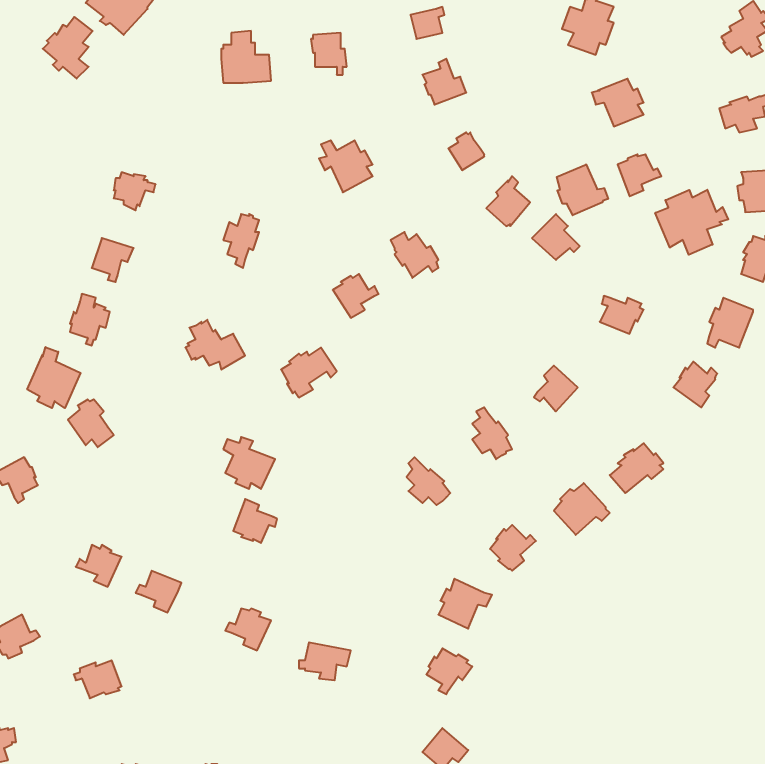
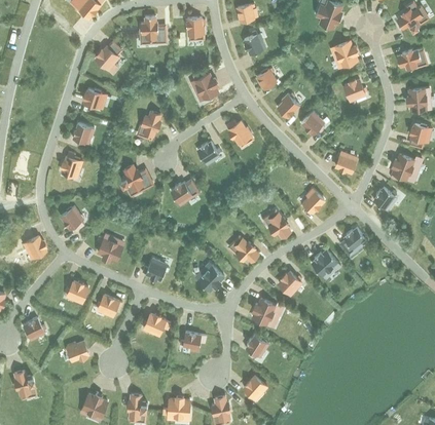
building: [43,17,93,79] -> [96,42,121,74]
building: [557,164,608,215] -> none
building: [655,190,728,255] -> none
building: [27,347,81,408] -> none
building: [223,437,275,489] -> [97,234,123,261]
building: none -> [197,262,224,292]

